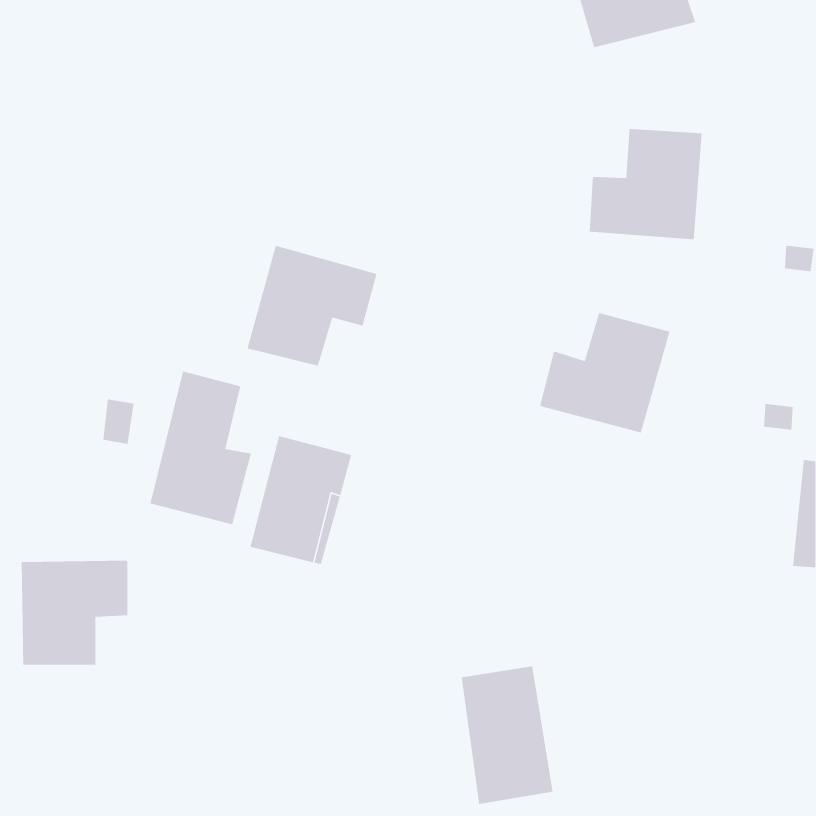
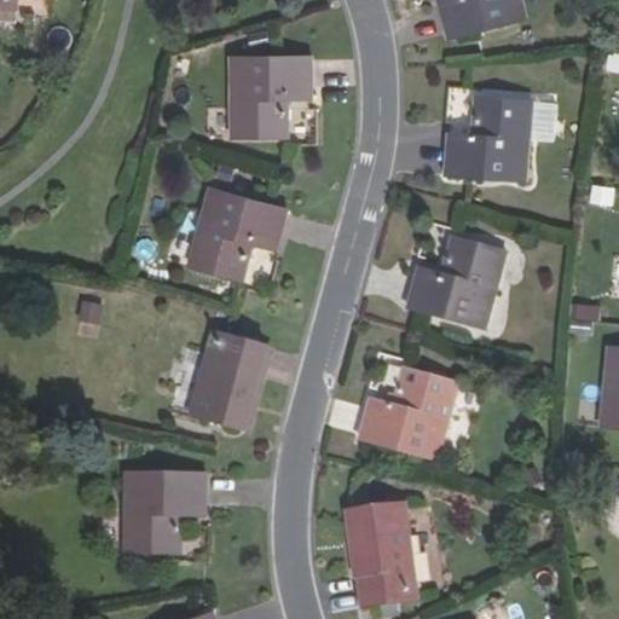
building: none -> [230,56,312,137]
building: [150,371,252,525] -> none
building: none -> [359,368,457,459]
building: [21,560,128,665] -> [123,473,204,553]

